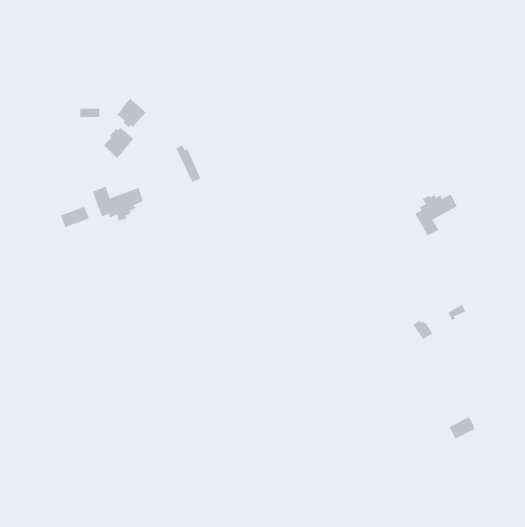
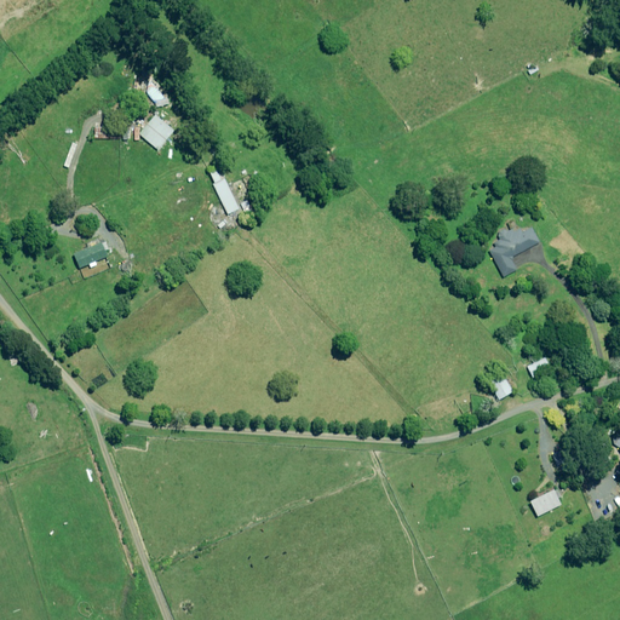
building: [103,127,134,159] -> none
building: [92,186,144,221] -> none

